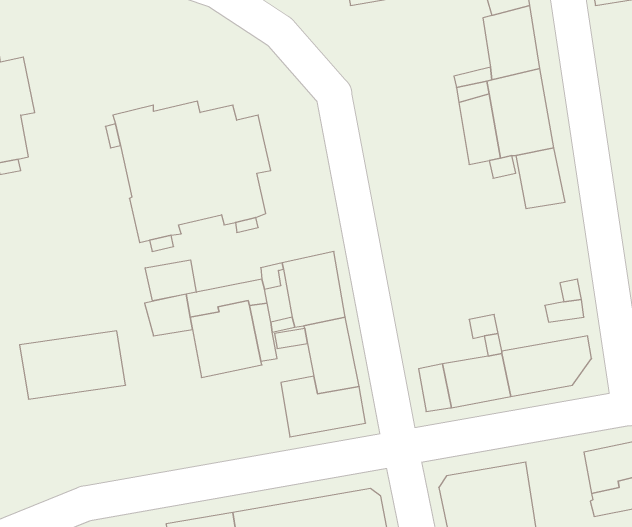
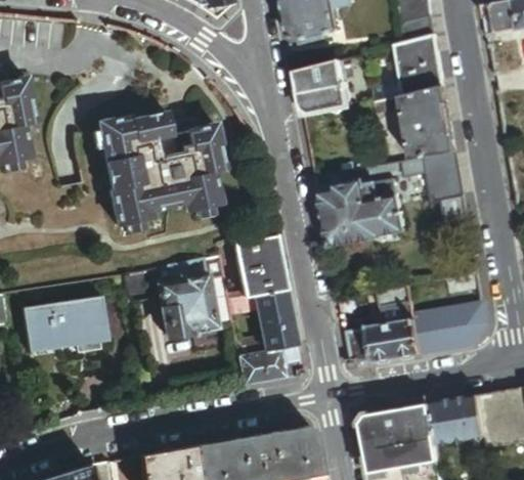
building: none -> [297,59,351,115]
building: none -> [319,179,404,247]
building: [145,260,196,301] -> none
building: none -> [432,397,486,445]

